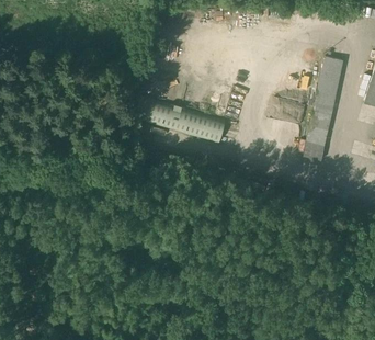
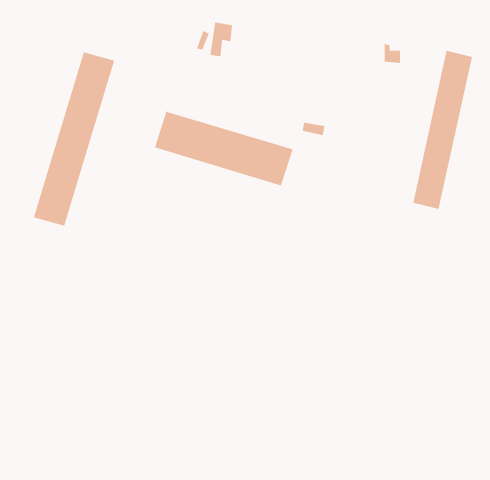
building: none -> [33,51,115,227]

